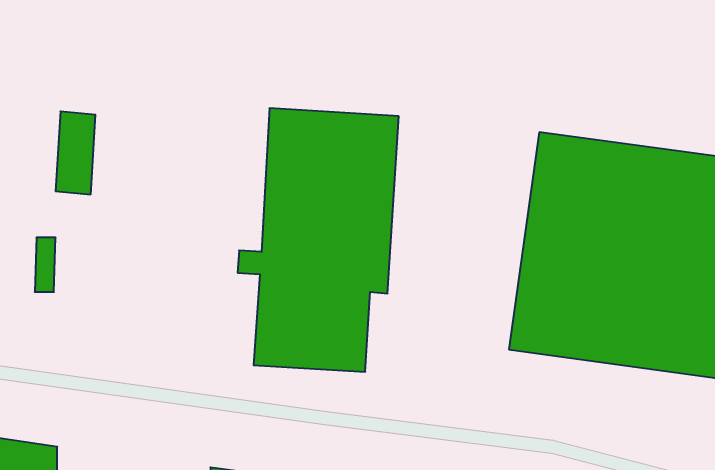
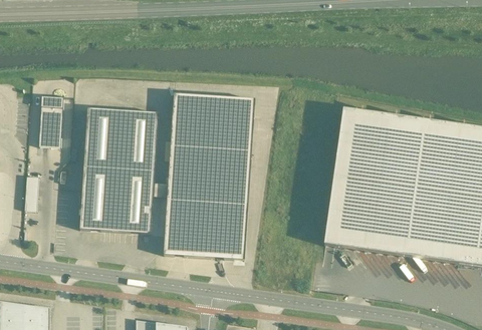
building: none -> [79,103,158,229]

